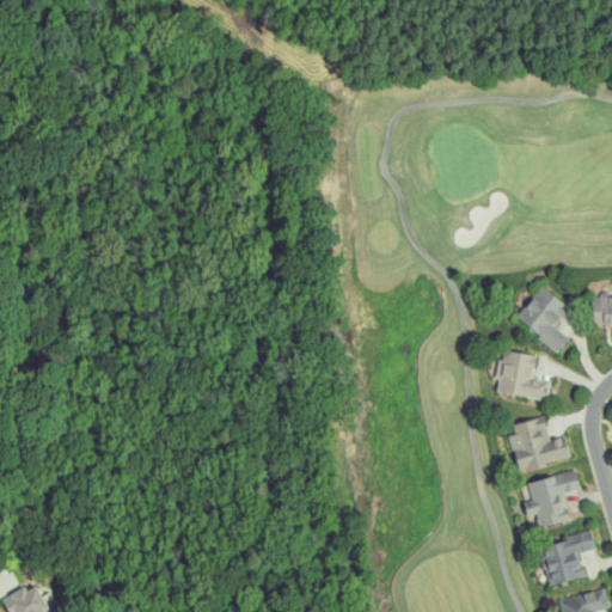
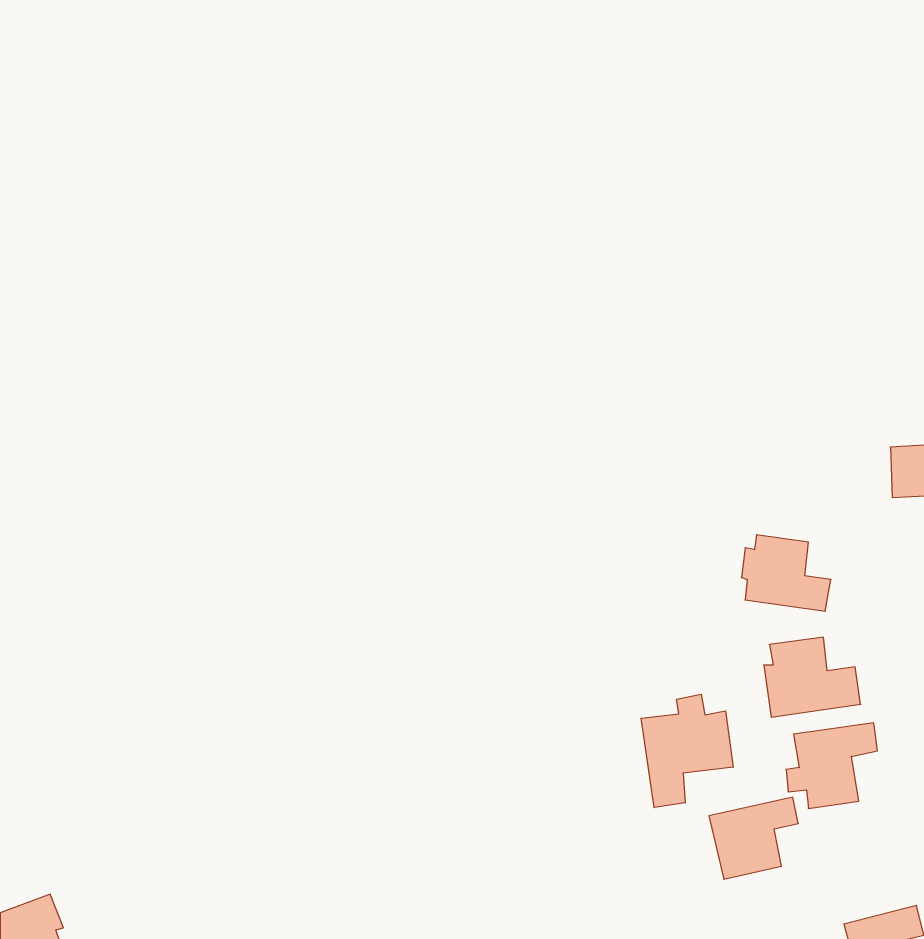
building: [514,287,569,351] -> none
building: none -> [641,694,733,808]
building: [538,533,595,586] -> [709,797,798,879]

